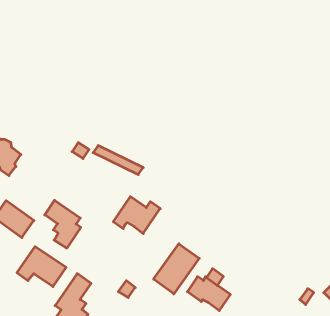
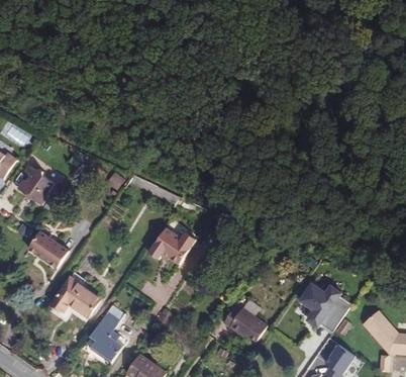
building: [45,200,81,248] -> none
building: [154,244,199,294] -> none
building: none -> [295,281,350,333]

